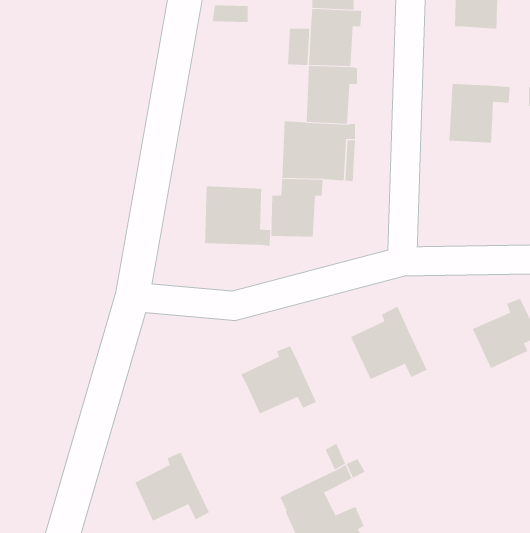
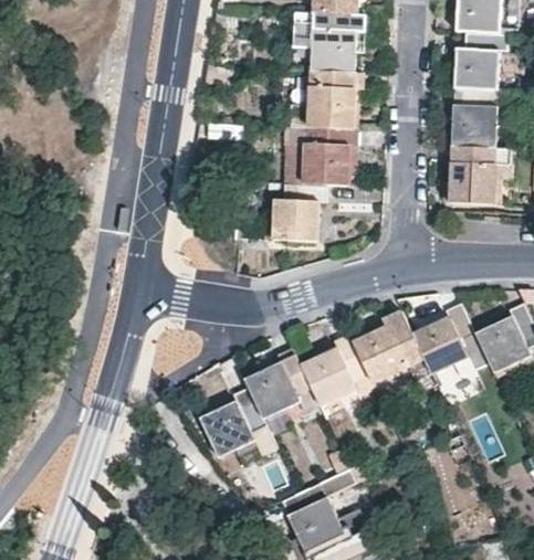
building: none -> [454,31,506,89]
building: none -> [450,145,501,203]
building: [205,185,271,246] -> none
building: none -> [411,303,479,373]
building: none -> [301,334,368,405]
building: [135,452,210,521] -> [201,387,276,456]

